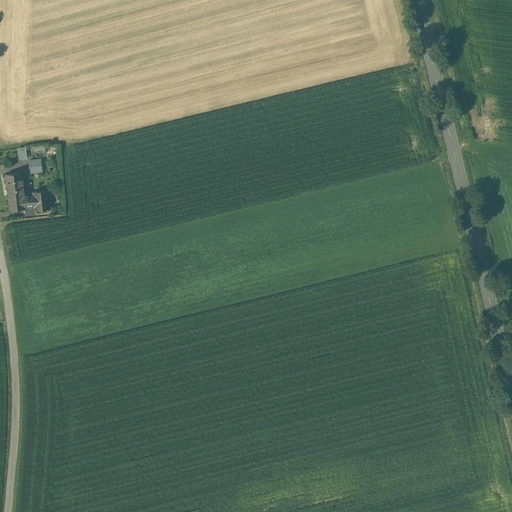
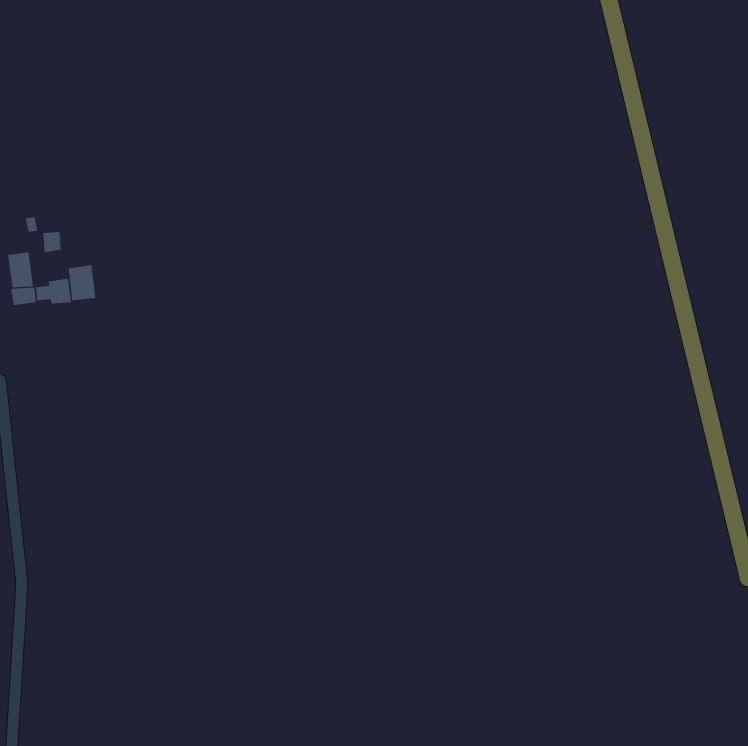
building: none -> [68,264,96,301]

